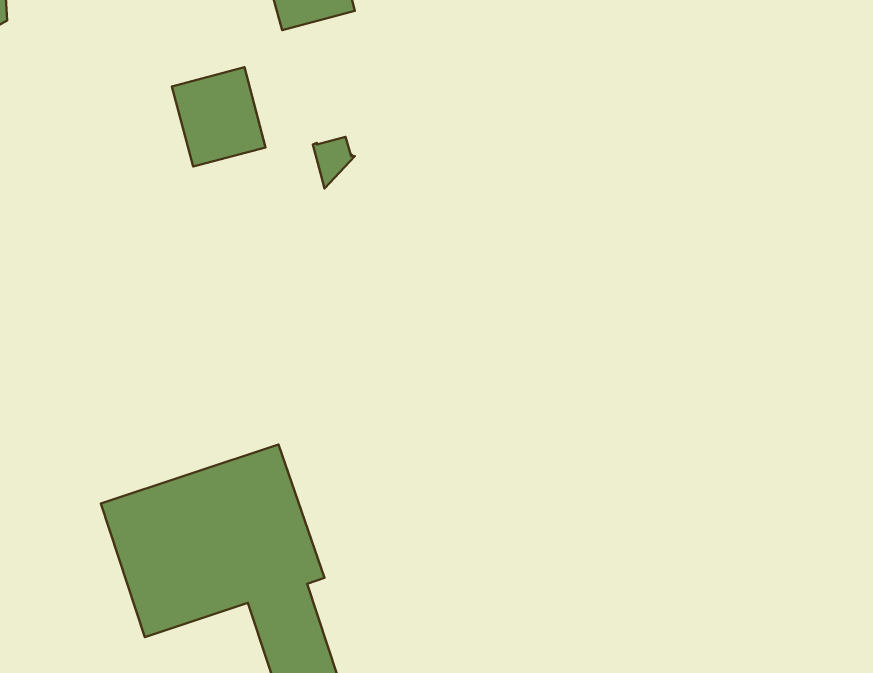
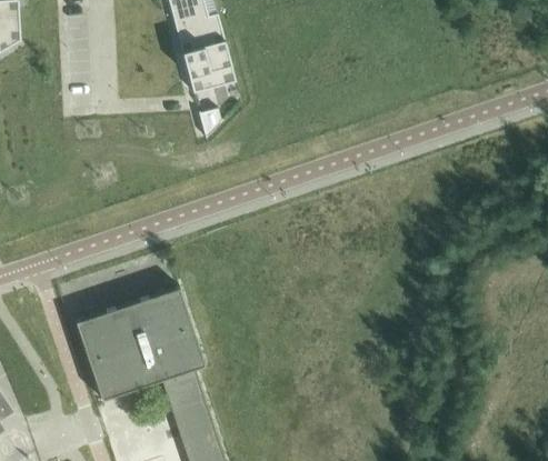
building: [172,67,266,167] -> [181,36,236,93]

